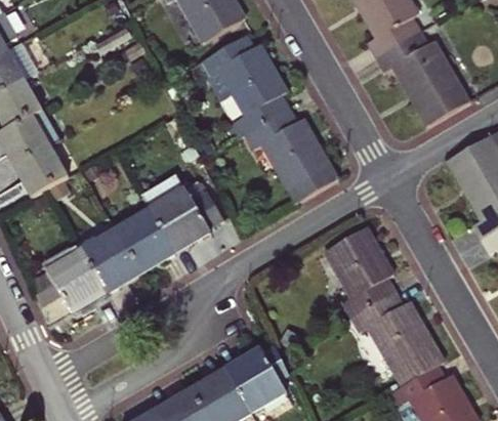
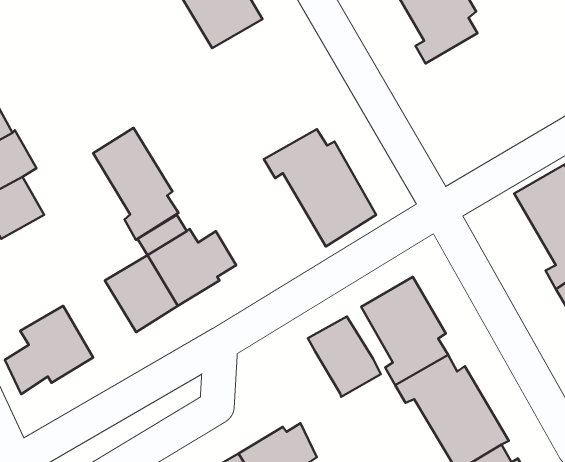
building: [376,29,468,124] -> none
building: [203,34,288,131] -> none
building: none -> [93,128,178,240]
building: [82,229,141,292] -> none
building: none -> [308,317,381,397]

